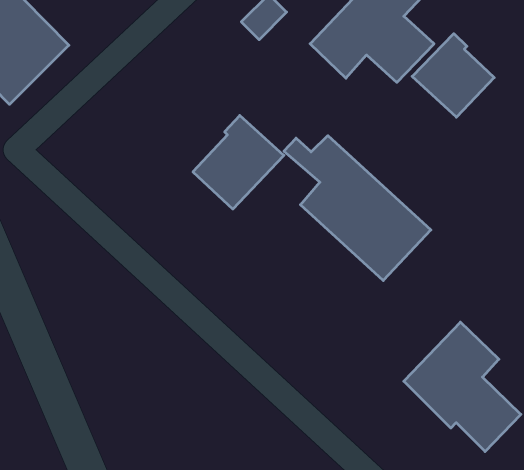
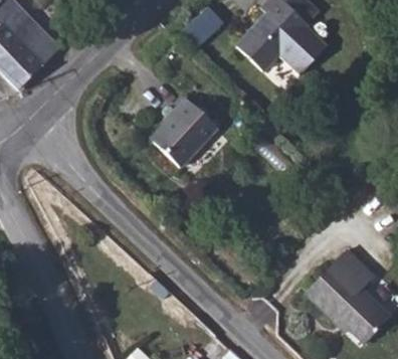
building: [412,34,494,117] -> none
building: [284,136,431,281] -> none

